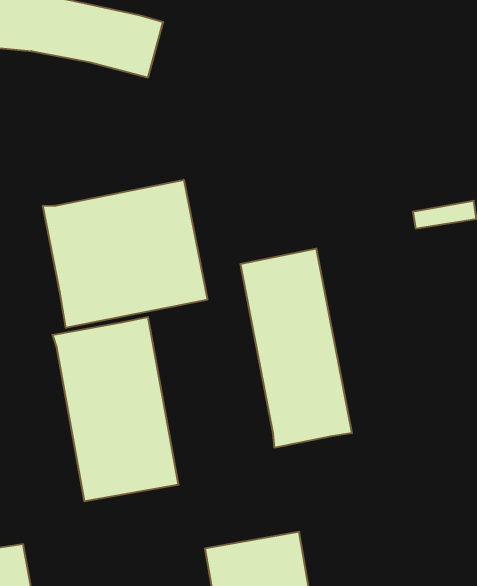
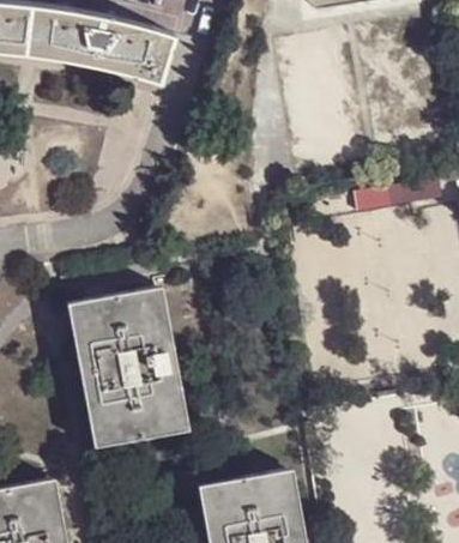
building: [43,180,207,328] -> none
building: [240,248,352,448] -> none

